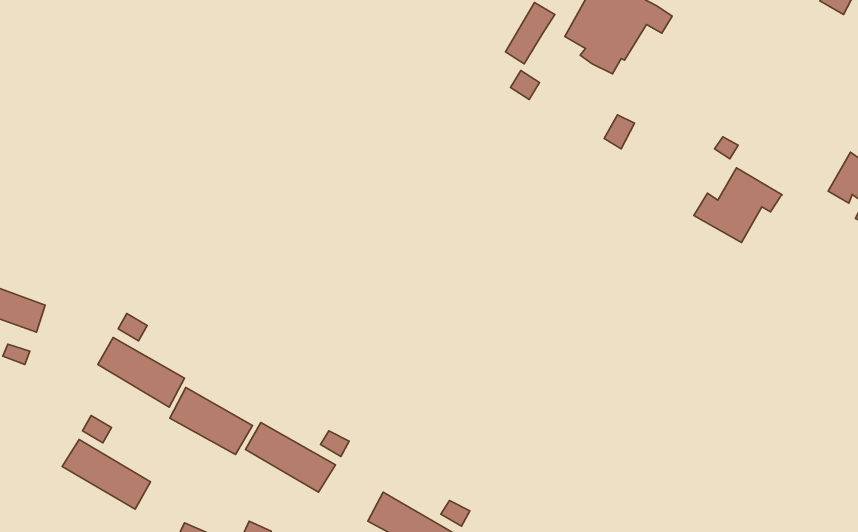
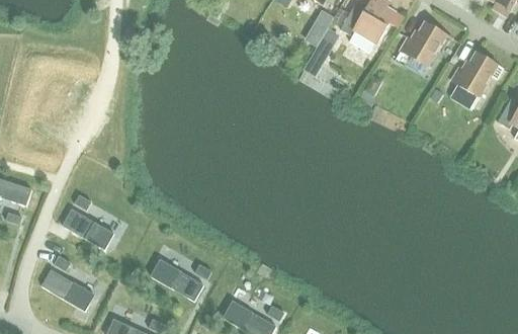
building: none -> [399,20,446,66]
building: [694,168,782,243] -> [450,51,503,95]
building: [170,387,252,455] -> none

